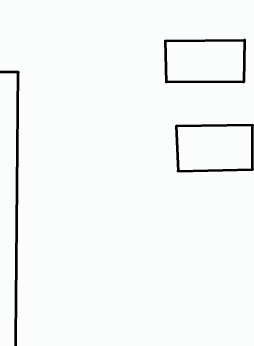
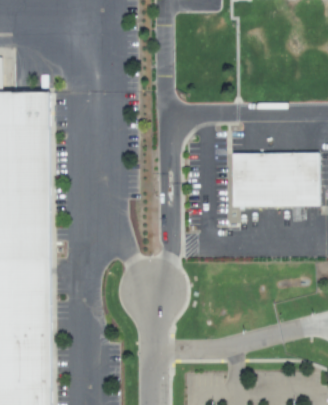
building: [165,40,245,82] -> none

